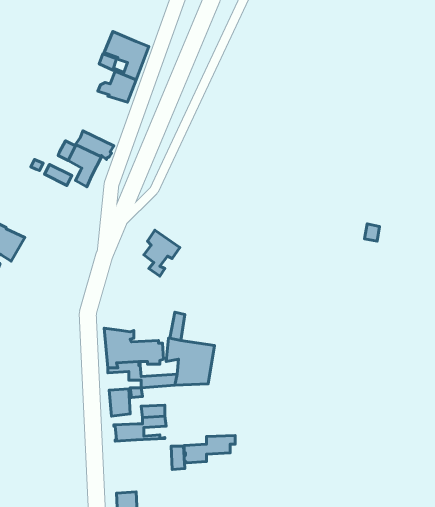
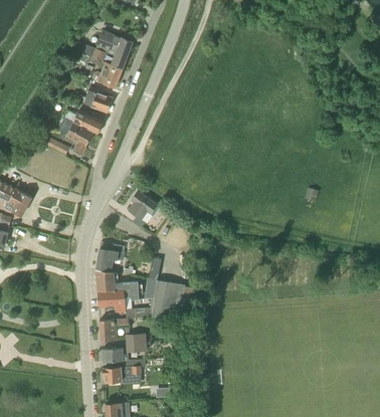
building: none -> [83,86,112,112]
building: none -> [96,248,124,272]
building: [184,435,235,463] -> [104,360,145,382]

